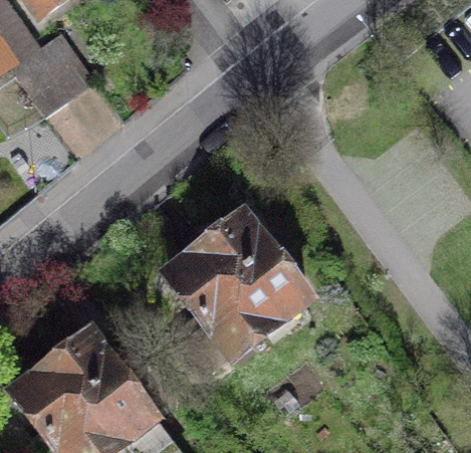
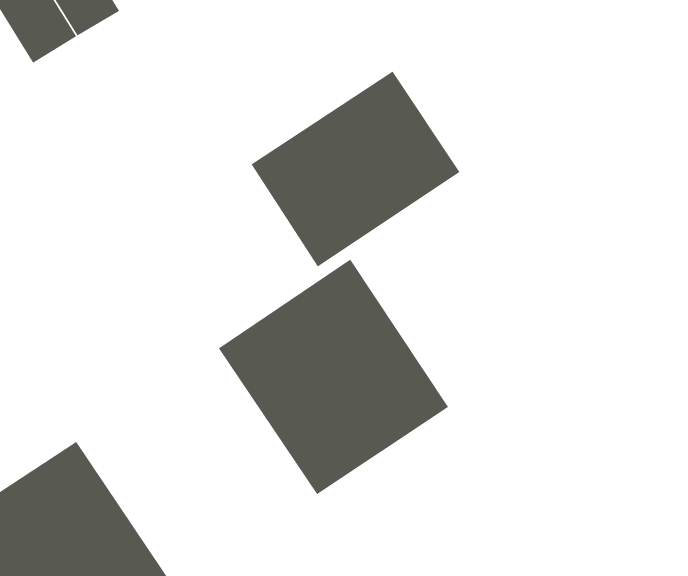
building: none -> [251,70,460,267]

